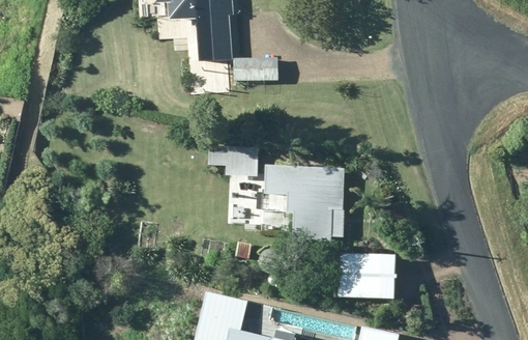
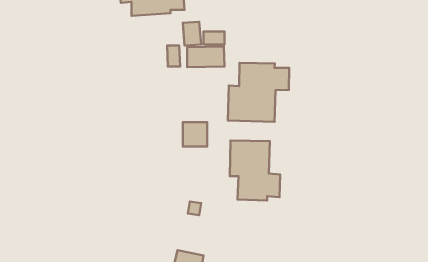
building: none -> [228,63,289,122]
building: [338,254,381,299] -> none

